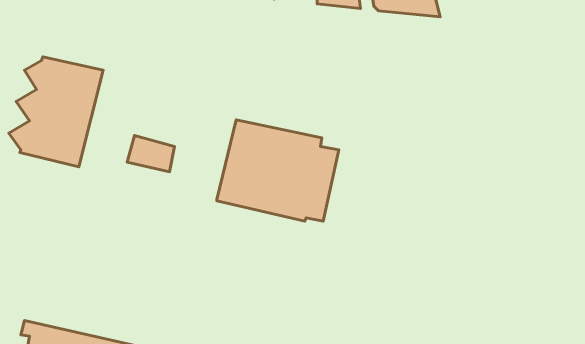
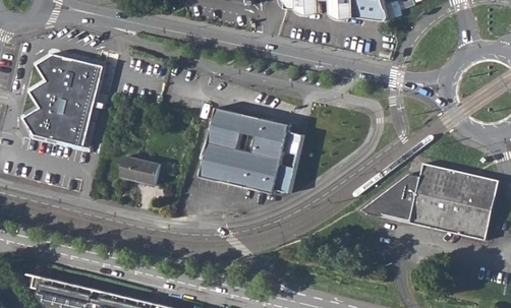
building: [127,136,174,172] -> [118,155,158,185]
building: none -> [361,166,495,242]

